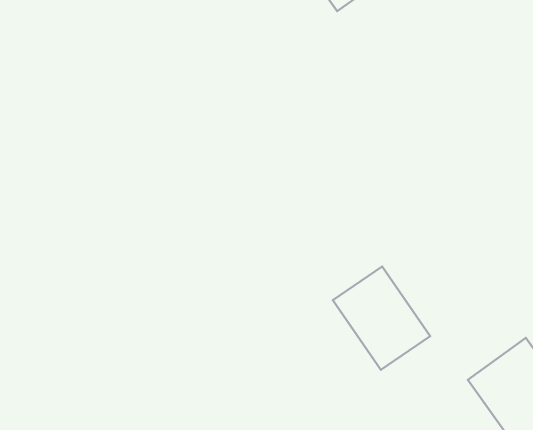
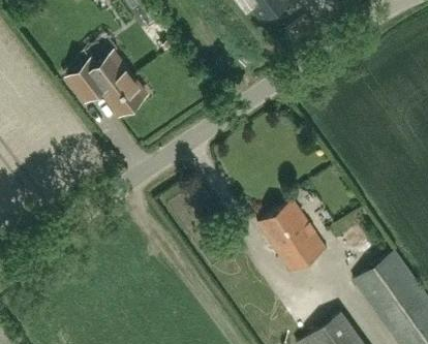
building: none -> [66,52,146,115]

